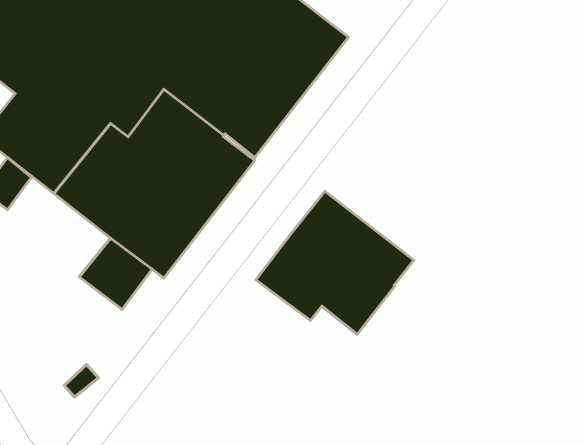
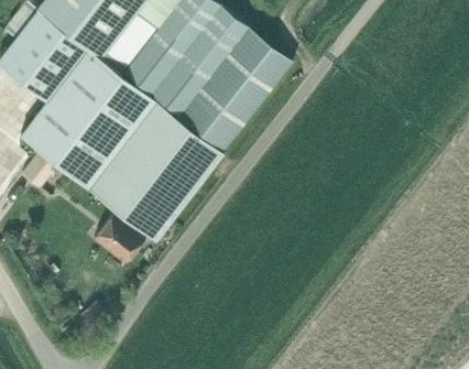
building: [256,191,414,334] -> none

